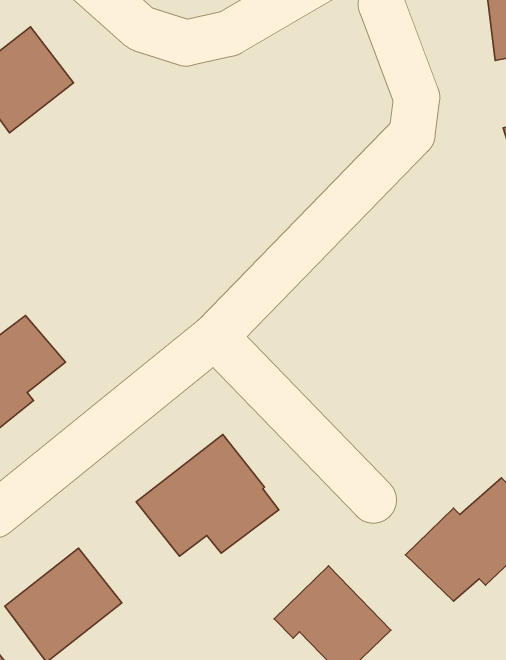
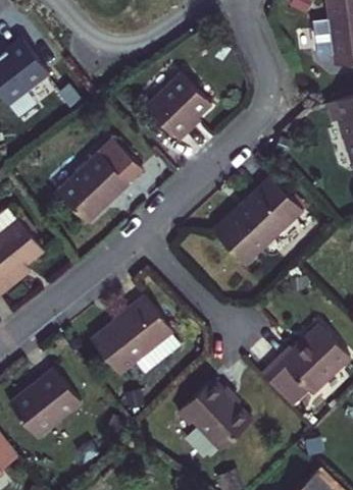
building: none -> [147,76,212,140]
building: none -> [59,141,144,224]
building: none -> [216,177,301,263]

